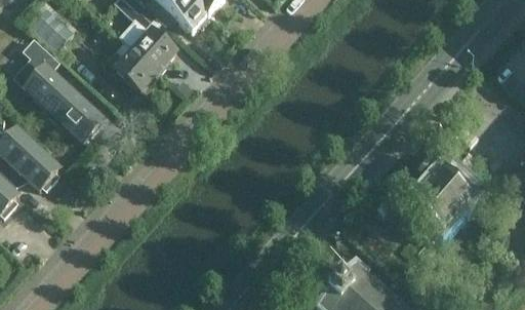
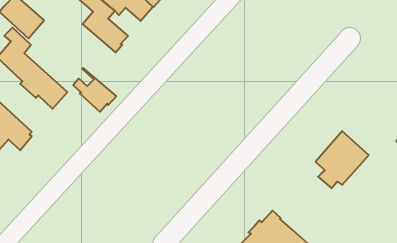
building: [110,34,163,88] -> [73,68,116,112]

